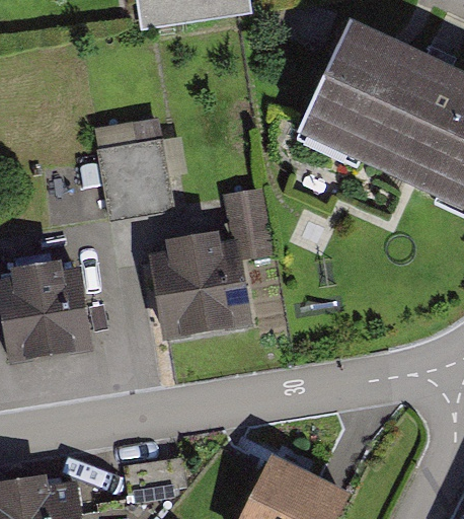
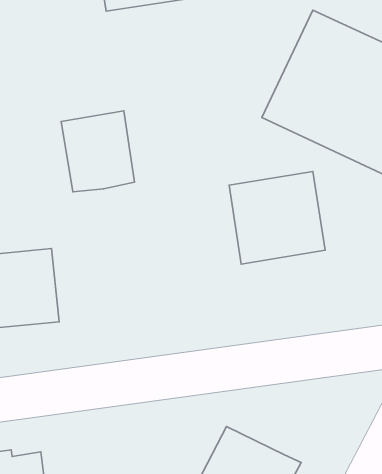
building: none -> [229,171,325,264]
building: [148,236,252,345] -> none

